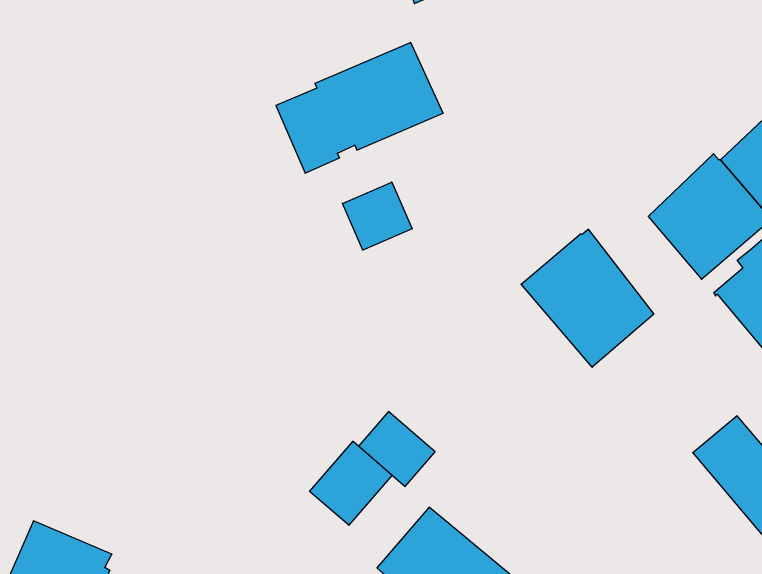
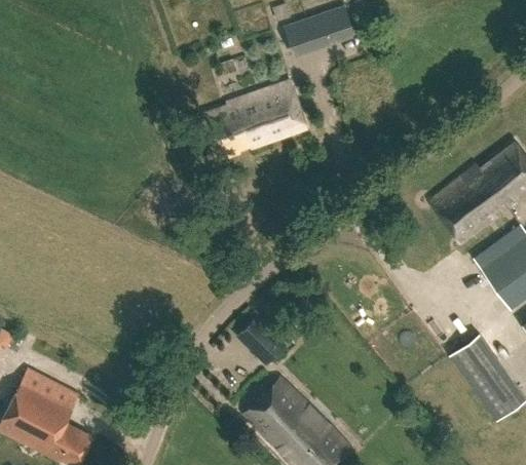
building: [342,182,412,250] -> none
building: [521,229,654,367] -> none
building: [310,441,392,525] -> none

